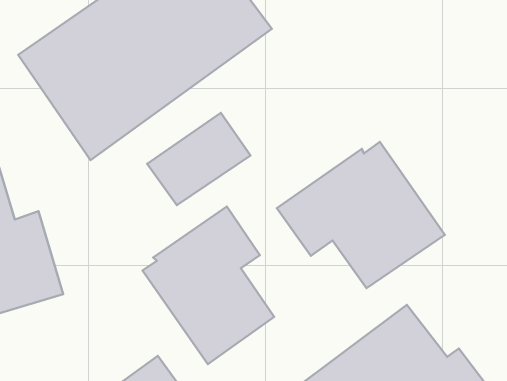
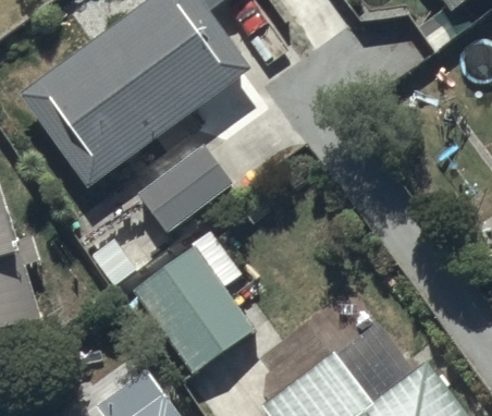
building: [277,142,445,288] -> none

